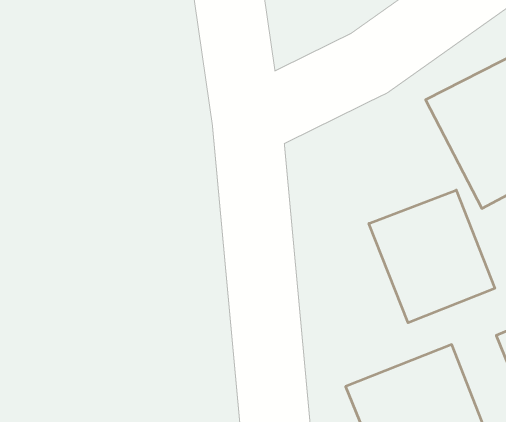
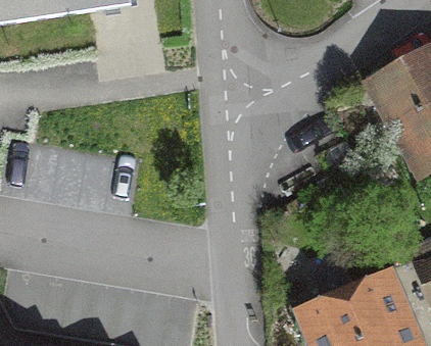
building: [369,190,495,323] -> none

